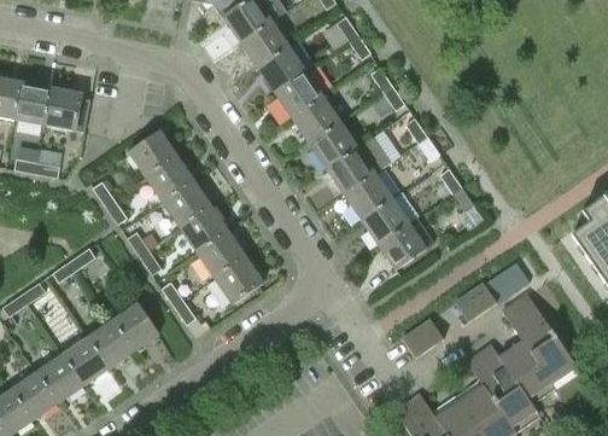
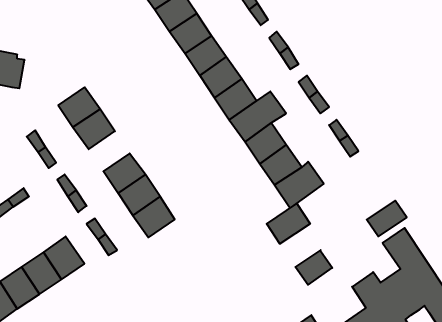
building: [163,181,210,227] -> none
building: none -> [267,204,310,244]
building: [454,281,496,321] -> none

